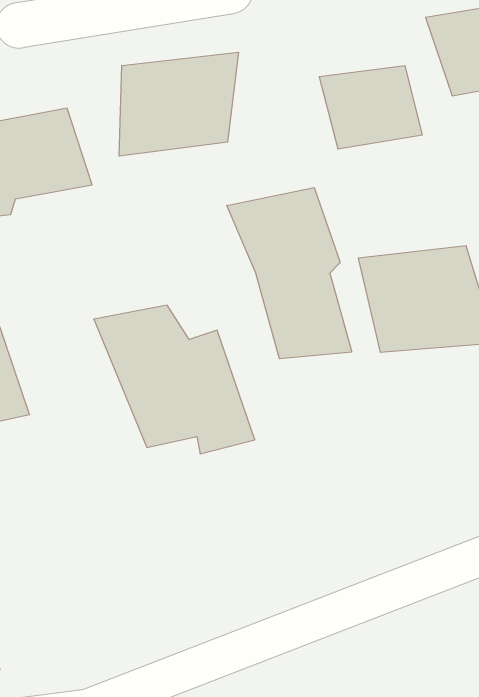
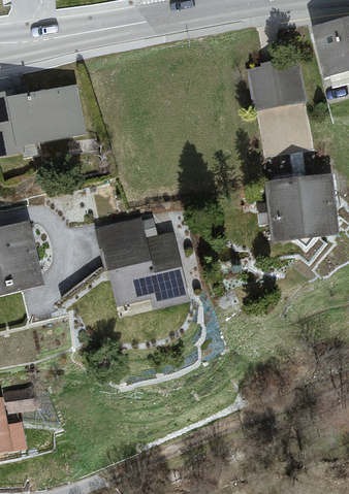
building: [119,52,239,156] -> none
building: [227,188,352,359] -> none

